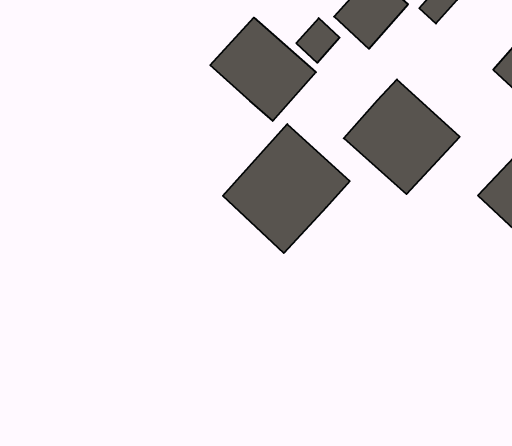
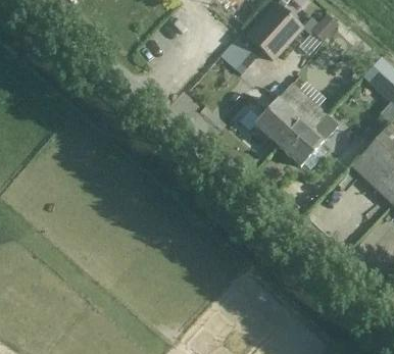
building: [210,18,316,121] -> none
building: [223,124,350,253] -> none

